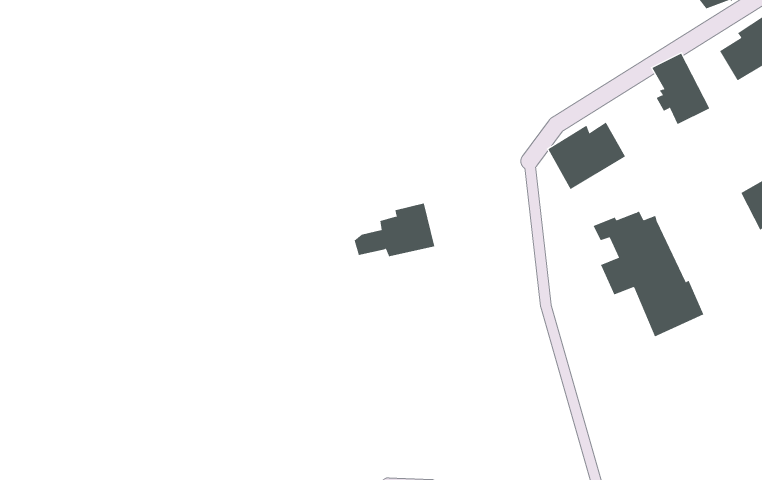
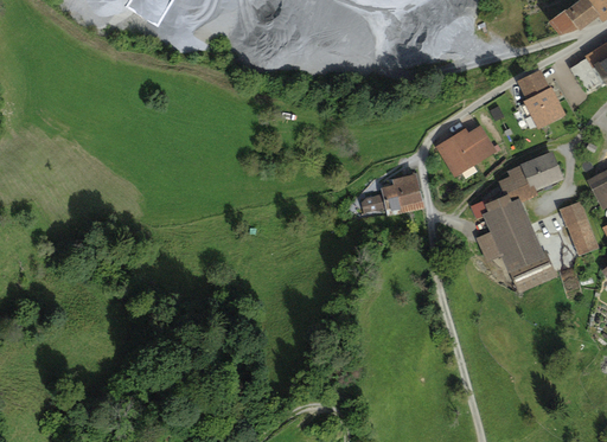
building: none -> [498,150,564,203]
building: [354,203,435,257] -> [360,173,424,216]
building: none -> [560,201,599,256]

